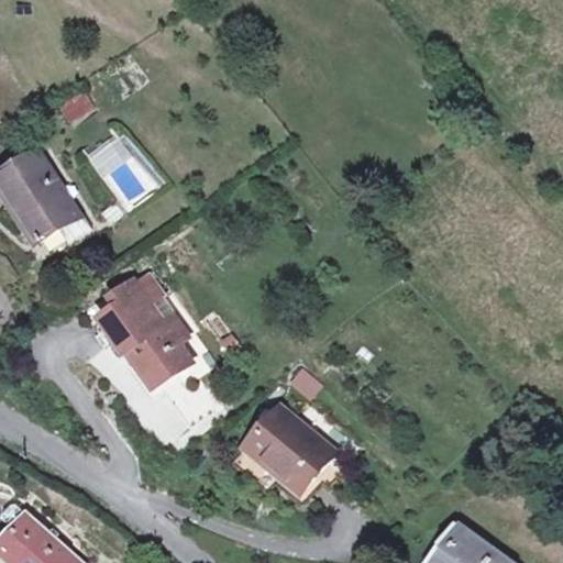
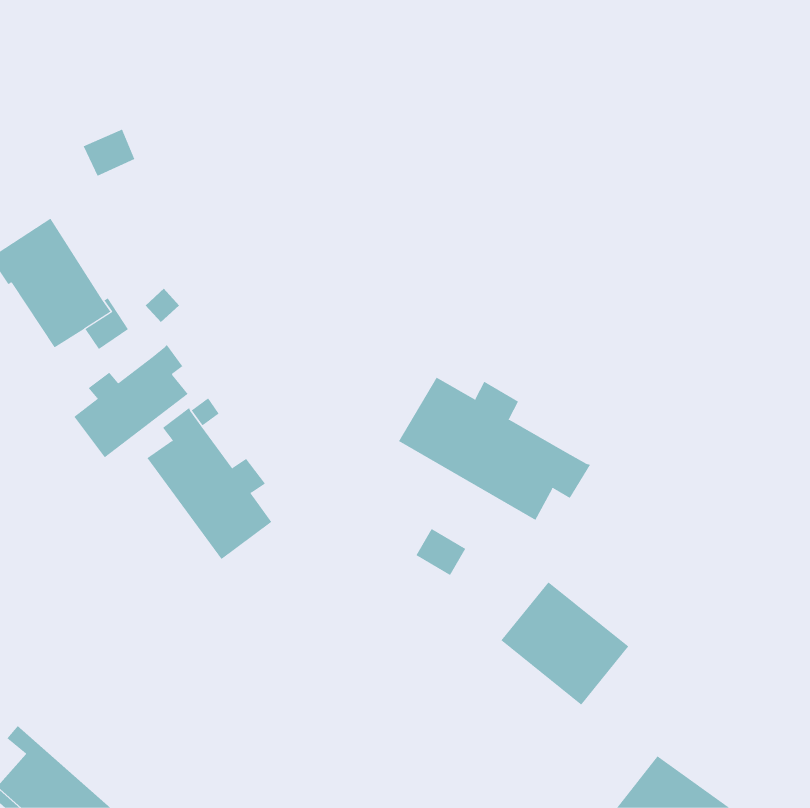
building: none -> [74,344,189,458]
building: none -> [398,377,591,521]
building: [244,407,333,493] -> [500,581,629,705]

